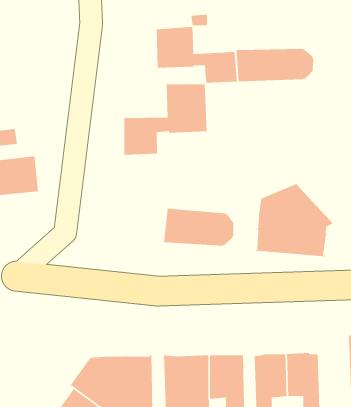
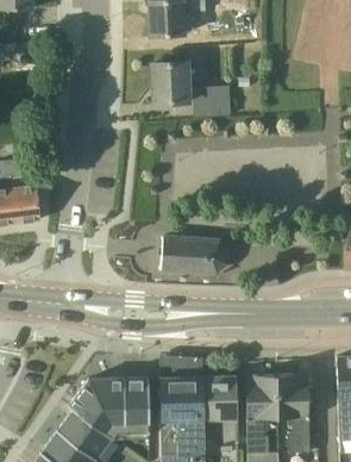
building: [236,48,314,82] -> none
building: [123,83,208,155] -> none
building: [255,182,335,257] -> none

